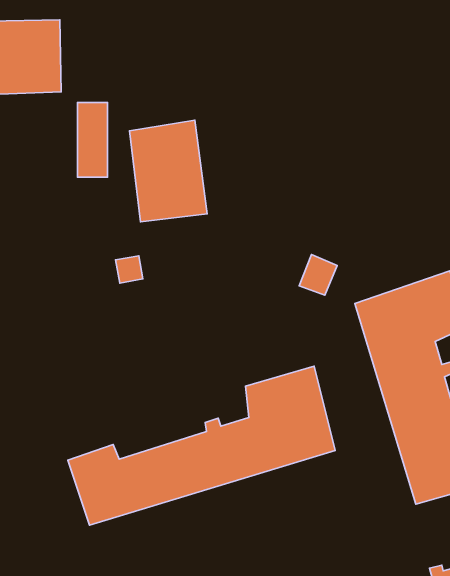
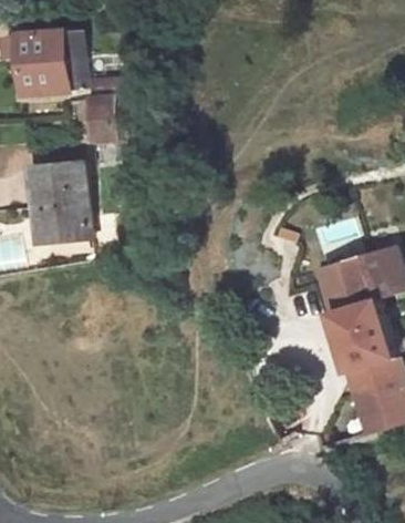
building: [130,120,207,222] -> [32,162,95,245]
building: [68,366,335,525] -> none

